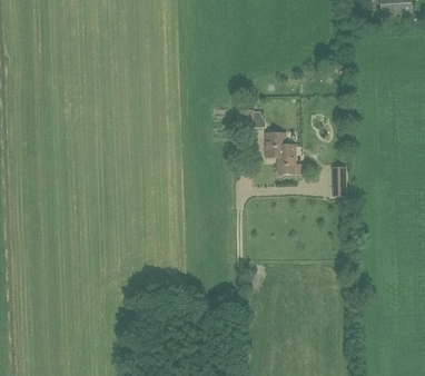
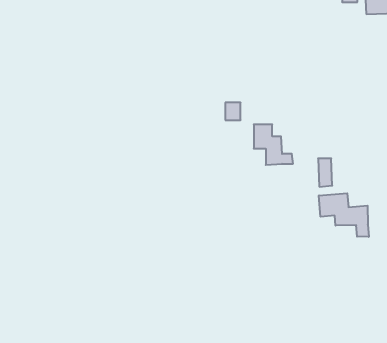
building: none -> [319,193,369,237]

